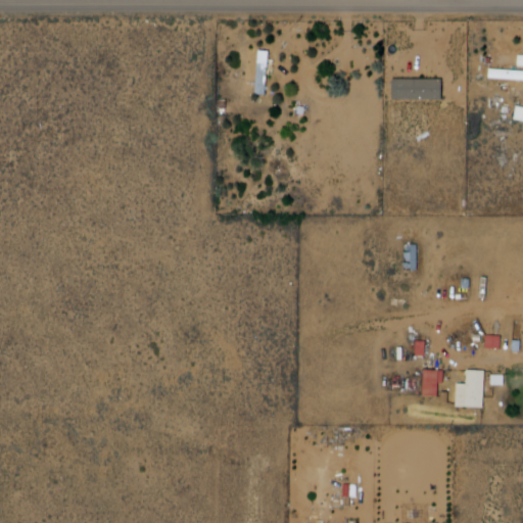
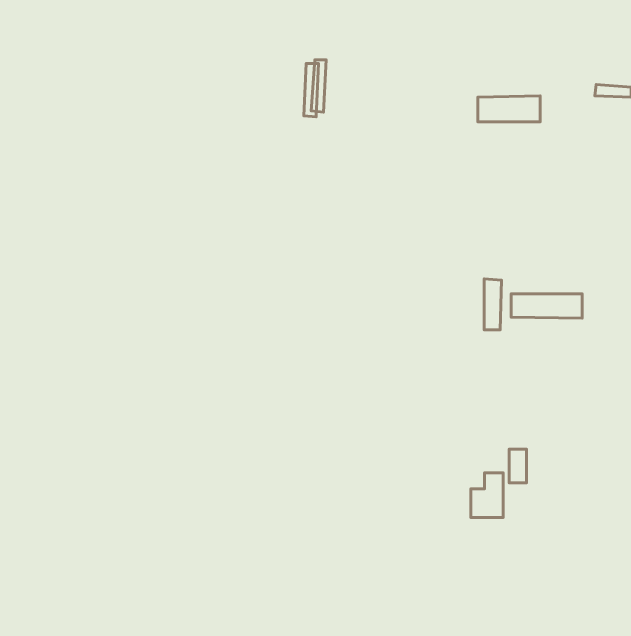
building: none -> [511,294,582,318]
building: [457,371,483,408] -> [471,473,503,518]

